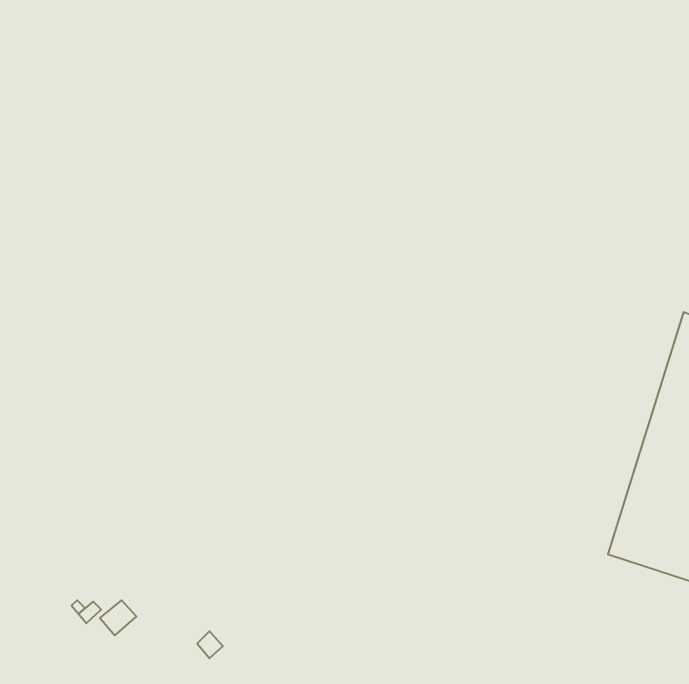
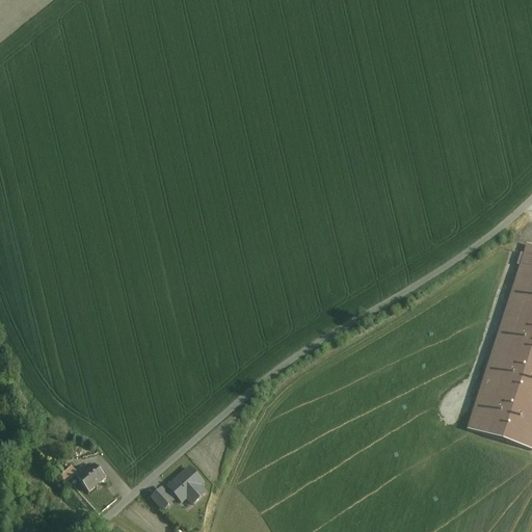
building: none -> [169,466,206,501]

